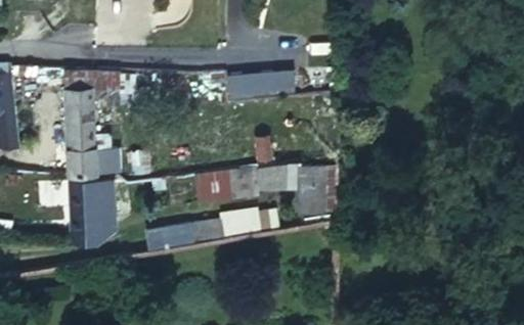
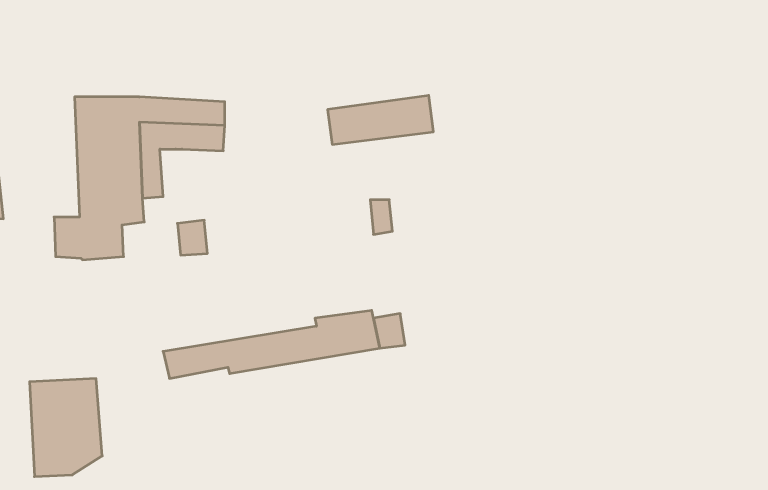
building: [258,163,336,214] -> none
building: [193,168,253,201] -> none
building: [69,180,116,243] -> [30,379,102,477]

